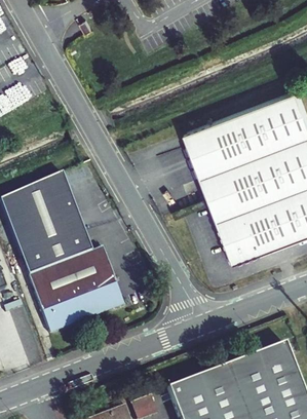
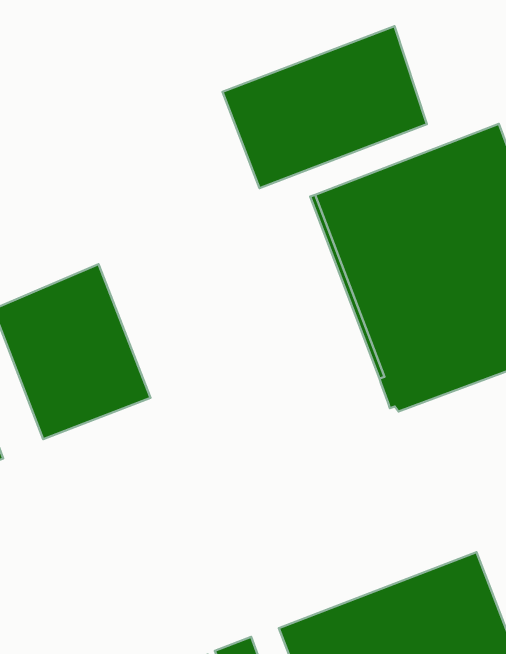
building: none -> [222,26,427,188]
building: [29,247,124,332] -> none

